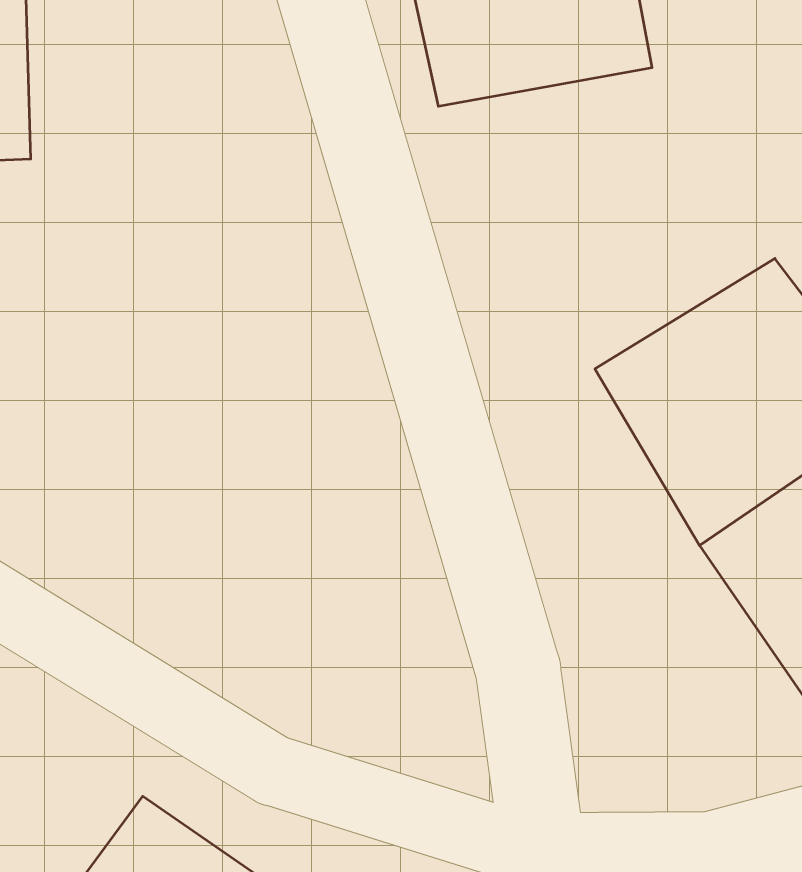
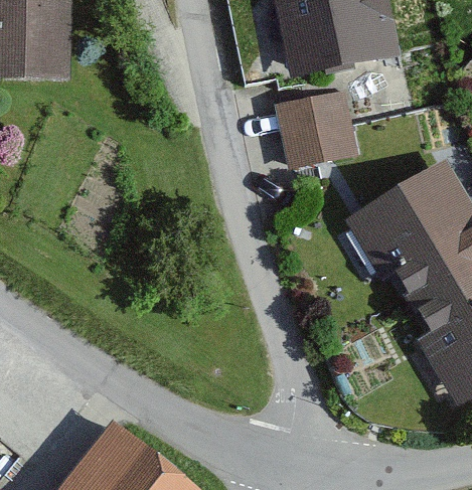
building: none -> [274,93,354,165]

